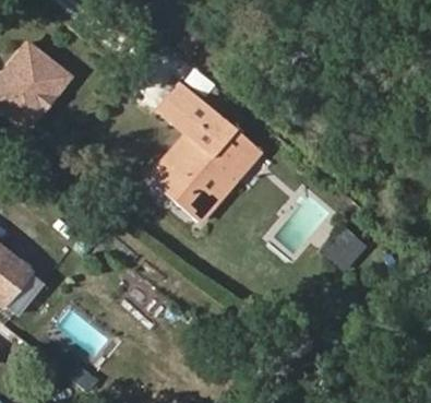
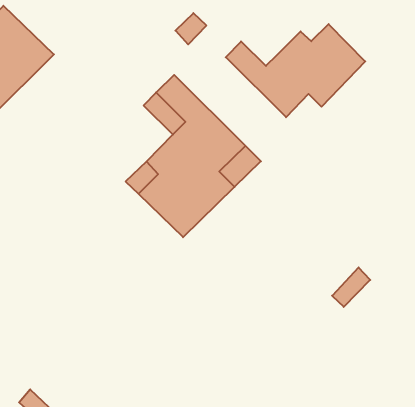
building: none -> [226,24,365,117]

